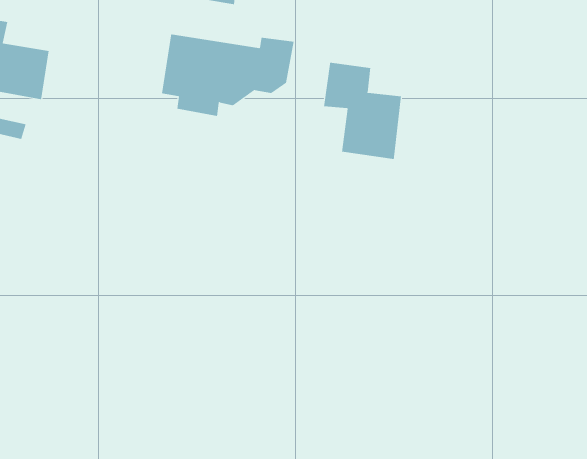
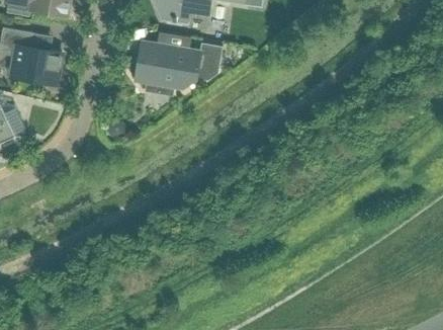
building: [324,62,401,160] -> none

